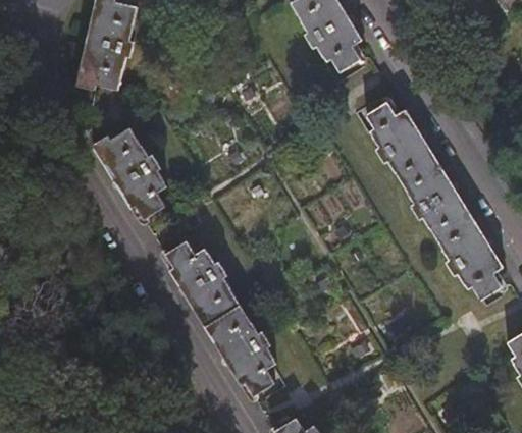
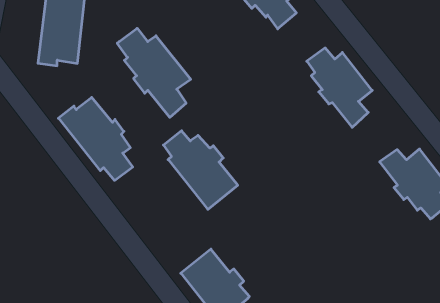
building: none -> [117,28,191,117]
building: [408,154,478,233] -> none
building: [164,239,240,328] -> [163,131,238,209]

